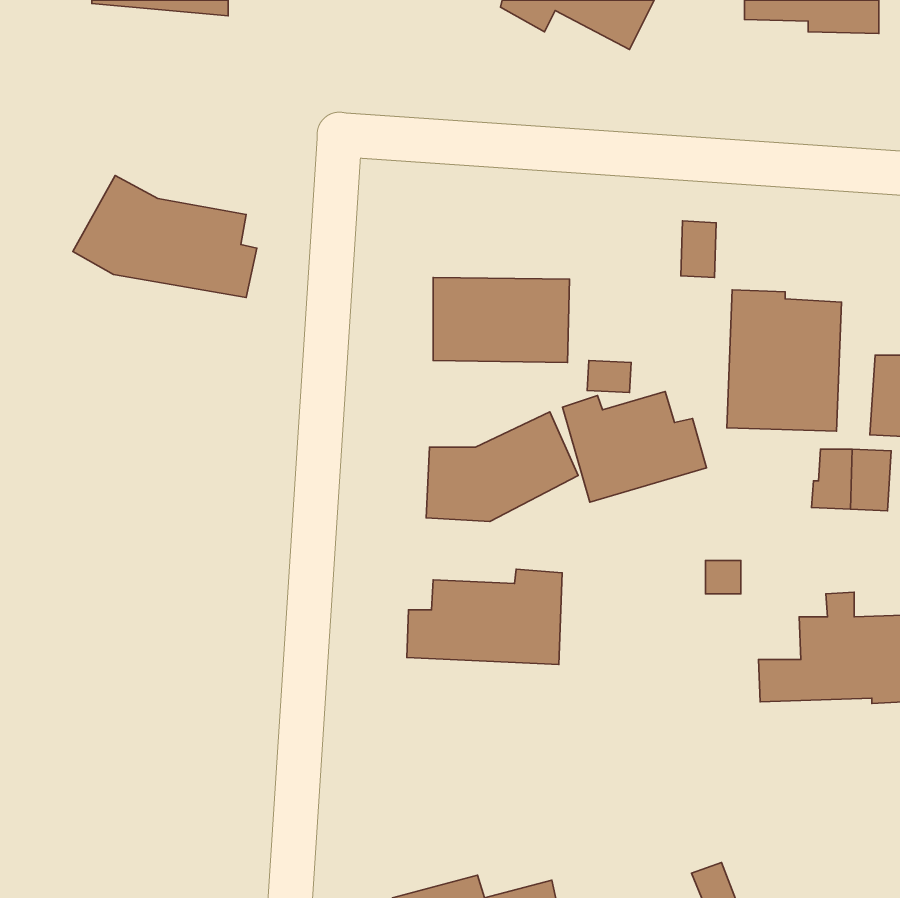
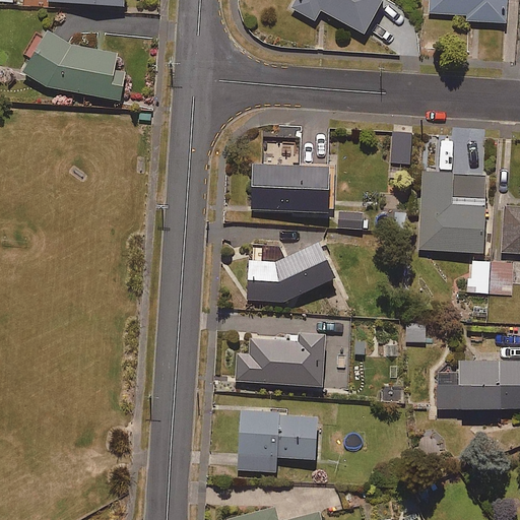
building: [73,176,257,298] -> [29,36,135,106]
building: [563,392,706,502] -> none
building: none -> [238,409,316,472]

